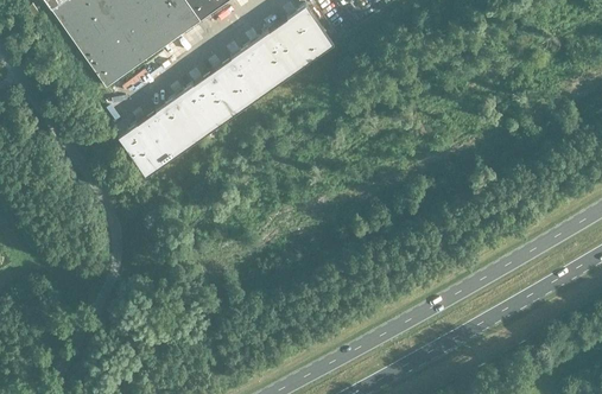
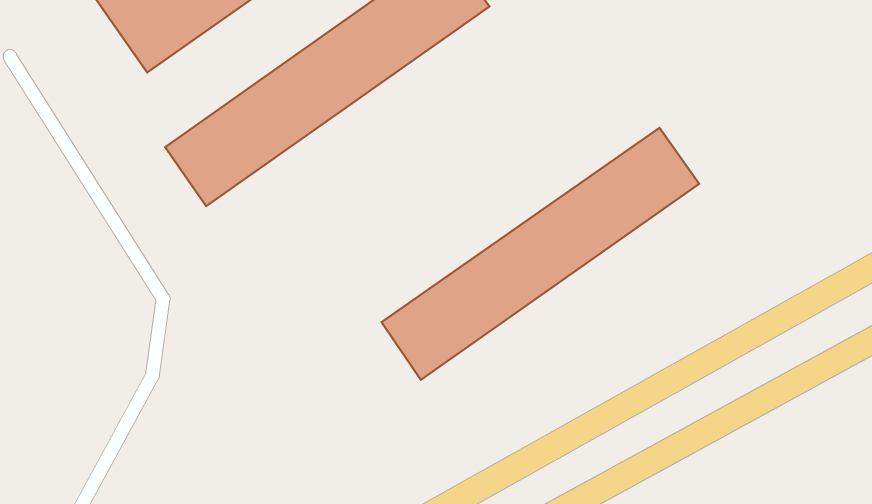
building: none -> [382,128,699,380]

